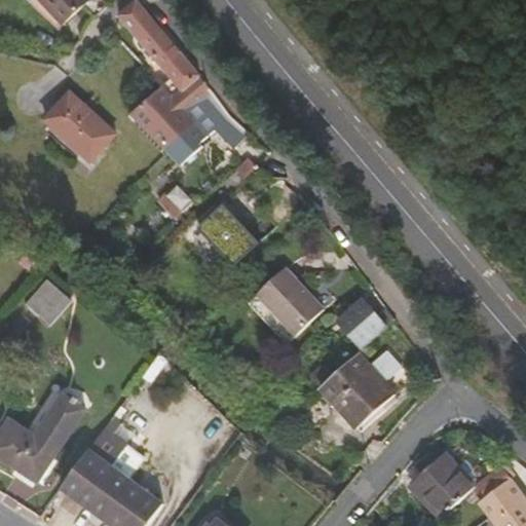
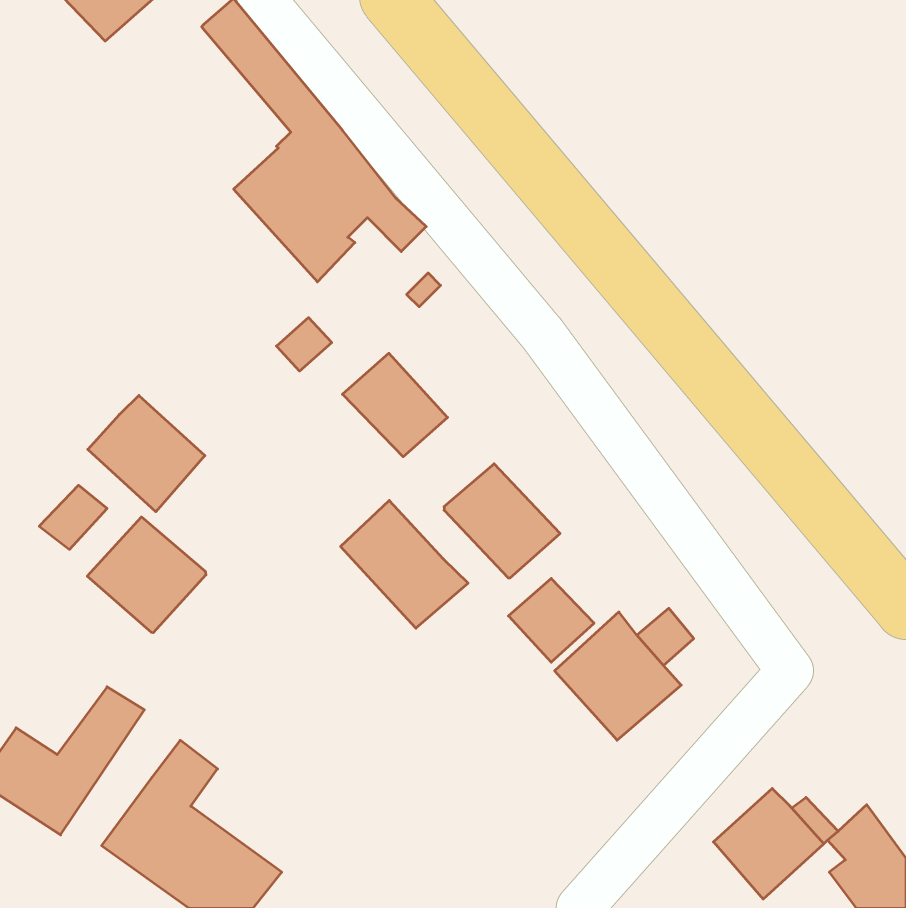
building: [42,90,115,160] -> none
building: none -> [88,395,205,512]
building: none -> [341,500,468,628]
building: none -> [87,517,206,633]
building: [336,300,385,348] -> [508,578,594,662]

